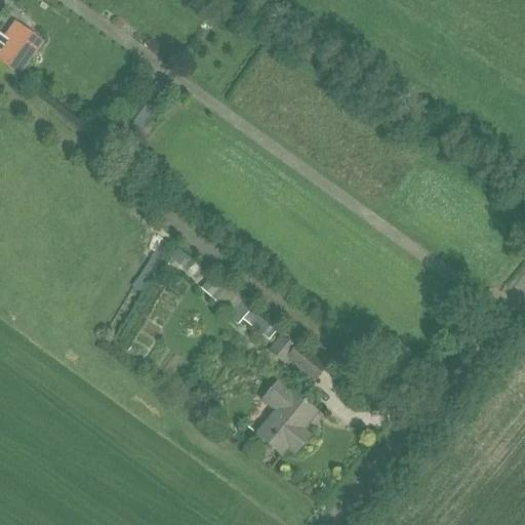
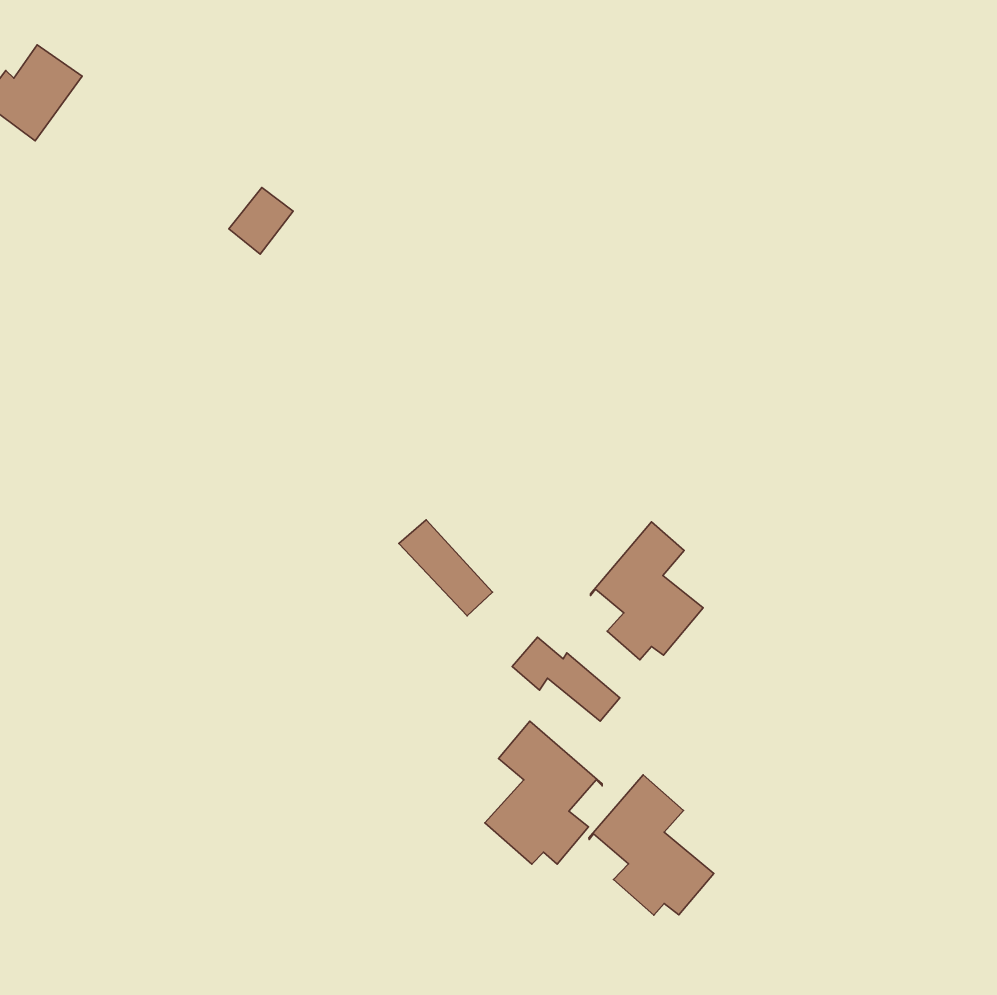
building: none -> [590,522,703,660]
building: none -> [589,775,714,915]

